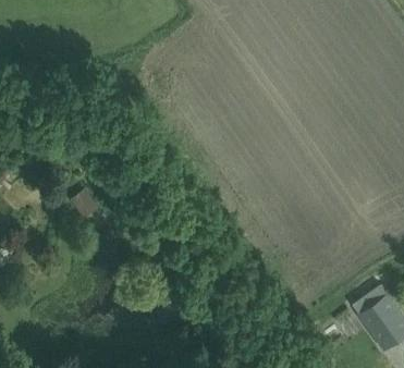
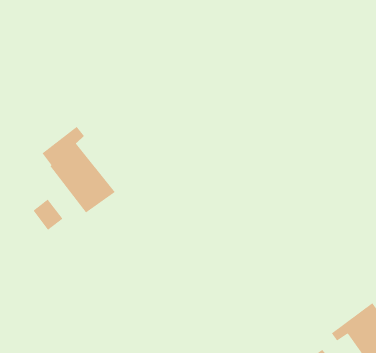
building: none -> [42,126,116,214]

